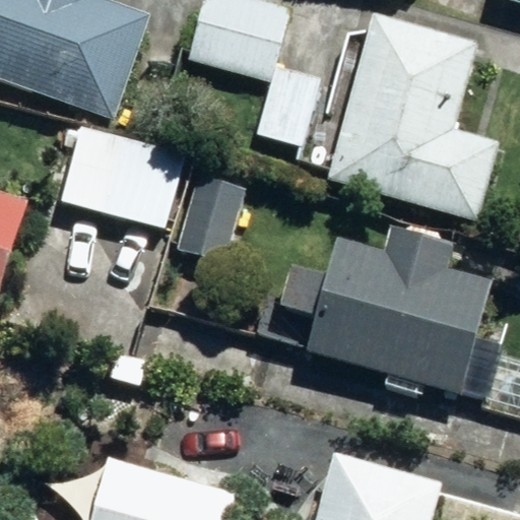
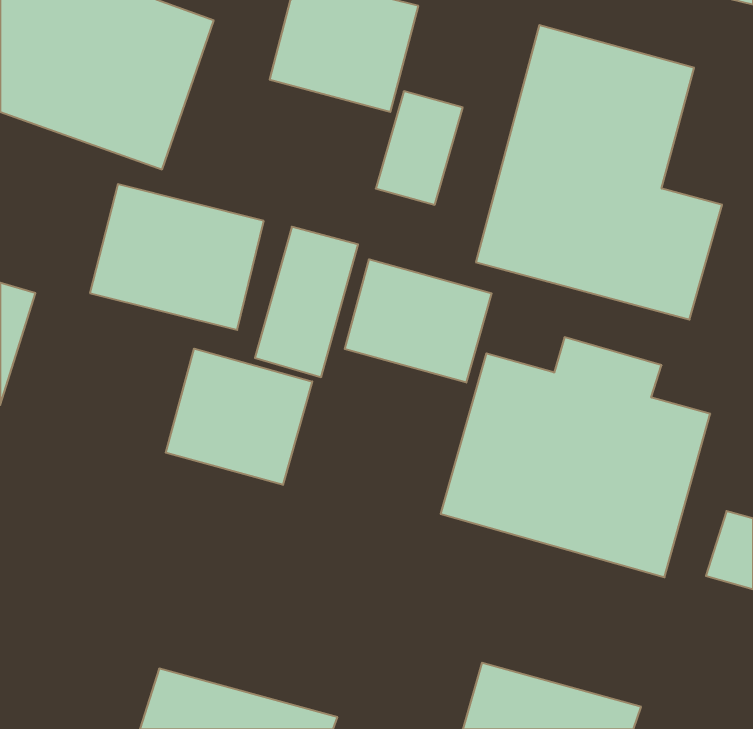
building: none -> [345,259,492,383]
building: none -> [166,349,312,485]

